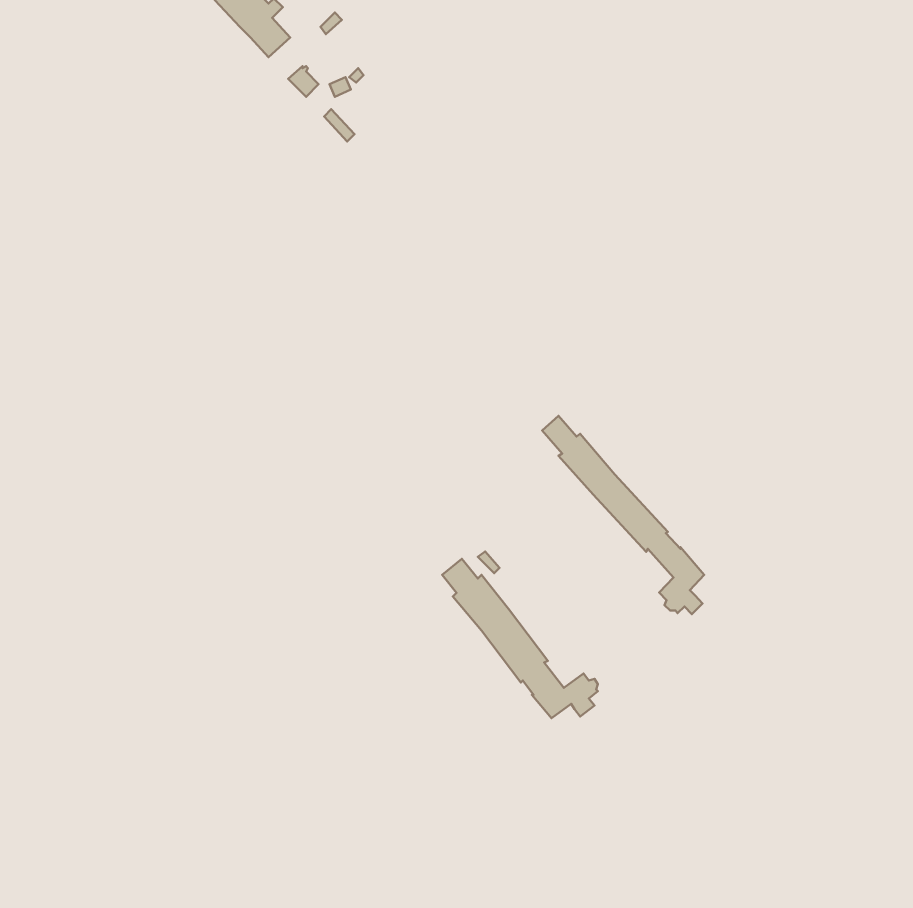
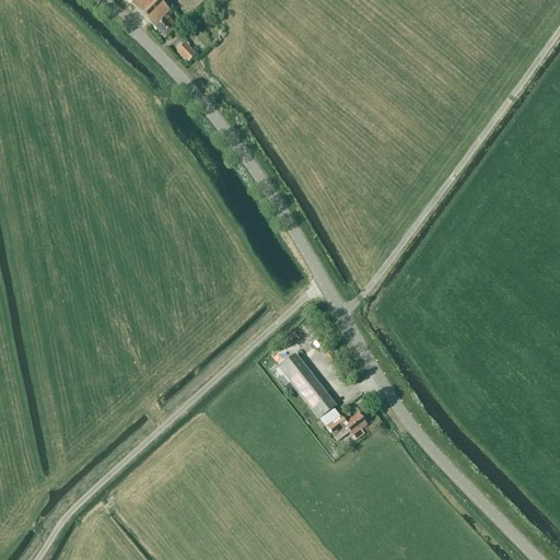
building: [542,416,704,614] -> none

